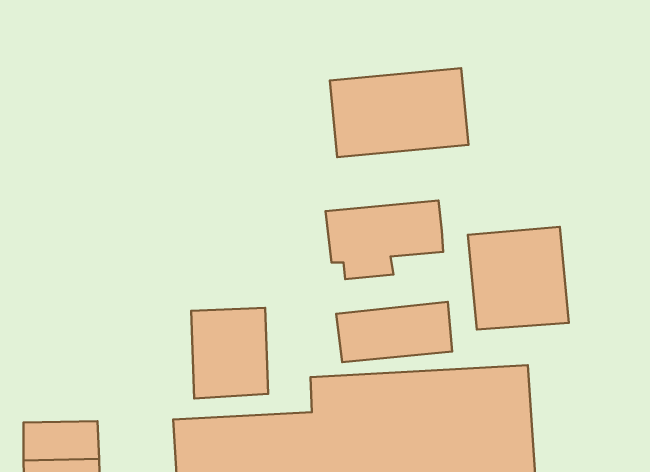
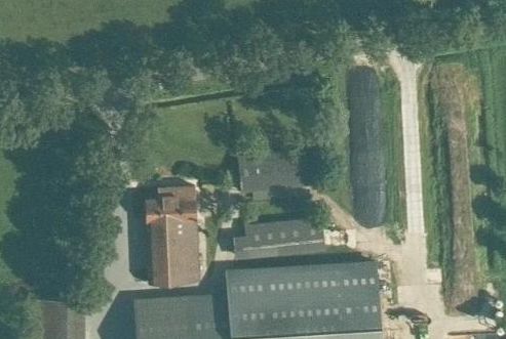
building: [330,68,468,157] -> none
building: [468,227,569,329] -> none
building: none -> [145,186,197,224]

